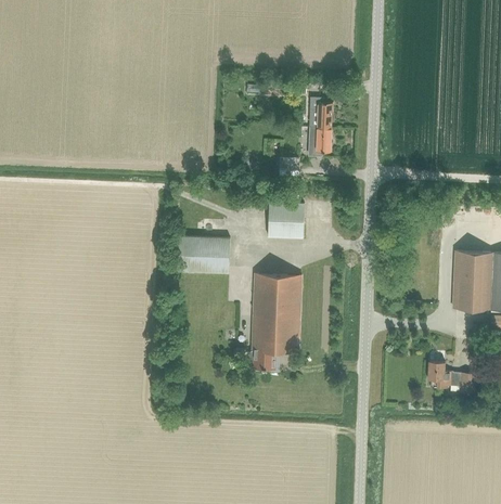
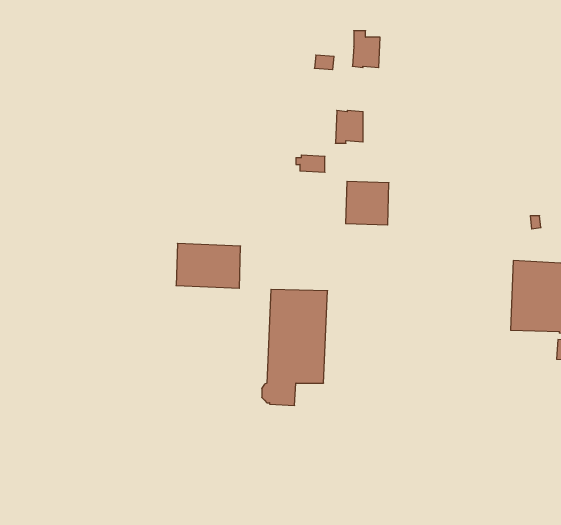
building: [309,98,332,128] -> [352,31,380,68]
building: [268,203,304,238] -> [346,181,389,225]
building: [427,361,475,392] -> none

